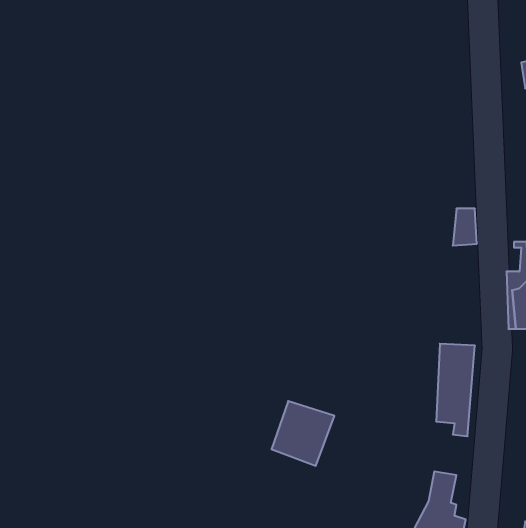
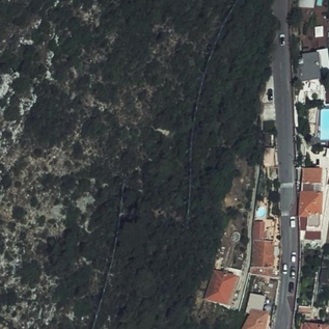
building: [271,401,334,466] -> [203,270,239,306]

